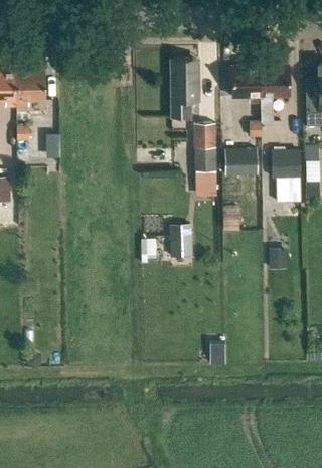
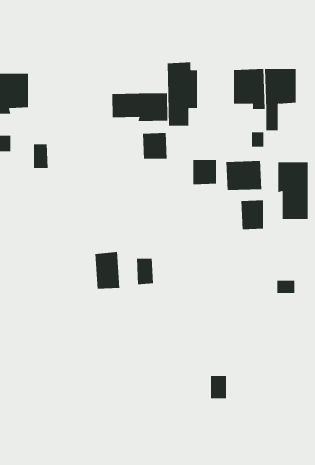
building: none -> [112,92,168,122]
building: [193,123,216,147] -> [142,132,168,159]
building: [195,169,216,197] -> [241,200,264,230]
building: [168,224,191,258] -> [95,252,120,289]

